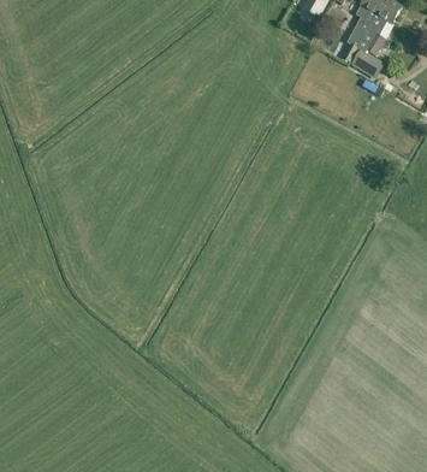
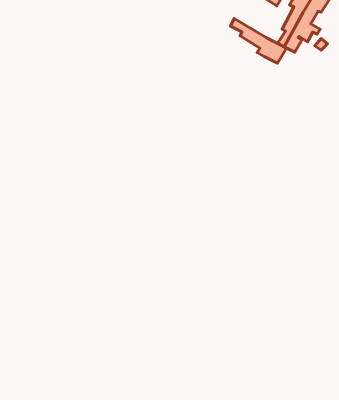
building: none -> [230,18,286,63]

